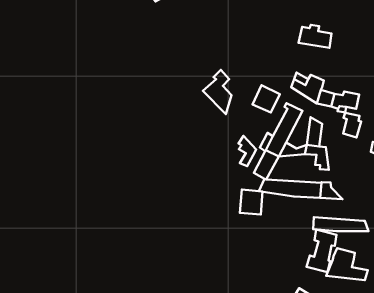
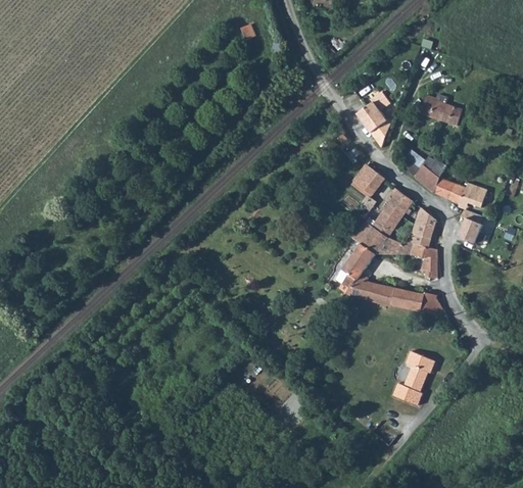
building: [203,70,231,114] -> [354,91,389,147]
building: [239,136,256,166] -> none
building: [240,189,262,214] -> none
building: [313,217,369,231] -> none
building: [326,248,368,280] -> none

